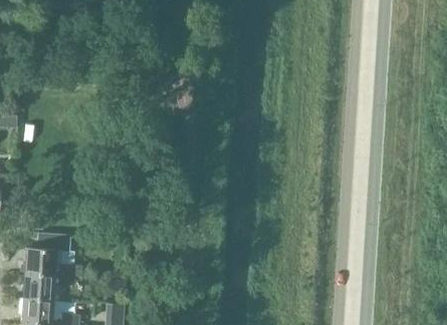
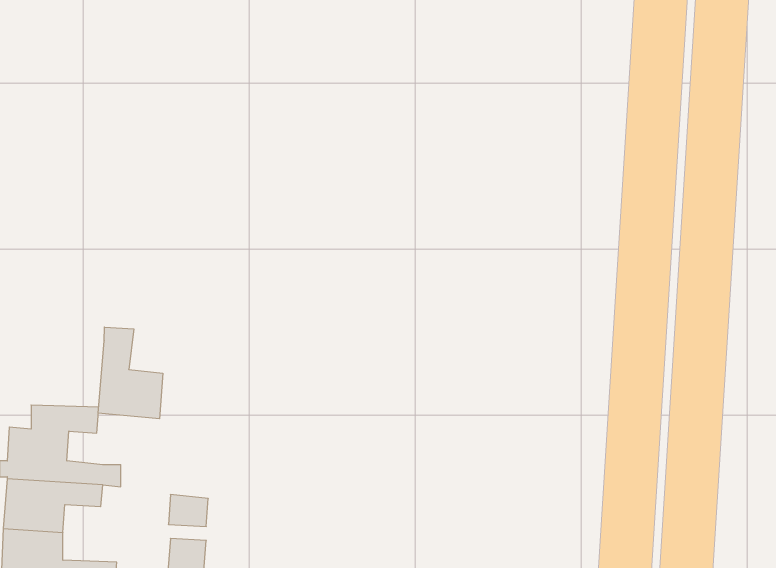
building: none -> [98,327,163,419]

